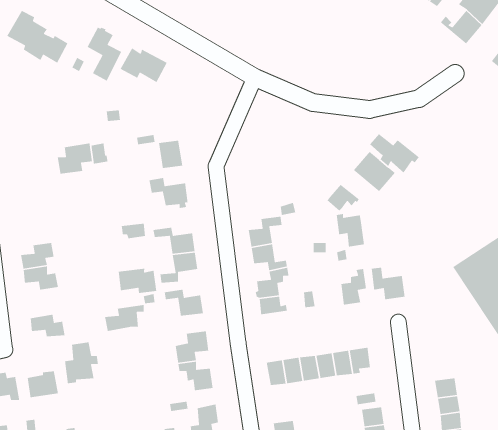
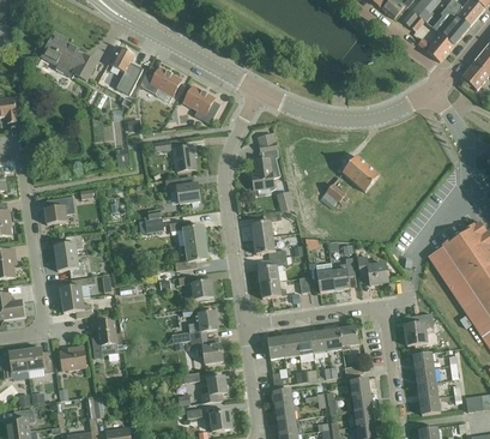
building: none -> [182,84,219,124]
building: [369,133,420,173] -> none
building: none -> [249,142,279,187]
building: [57,143,93,174] -> [43,196,74,223]
building: [336,213,365,248] -> [308,261,333,291]
building: [118,268,157,294] -> none
building: [104,304,144,332] -> [59,276,93,300]
building: none -> [403,312,432,344]

